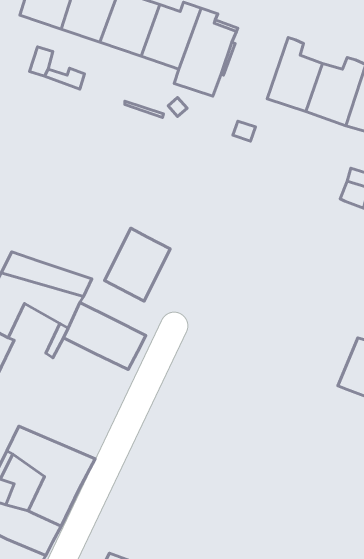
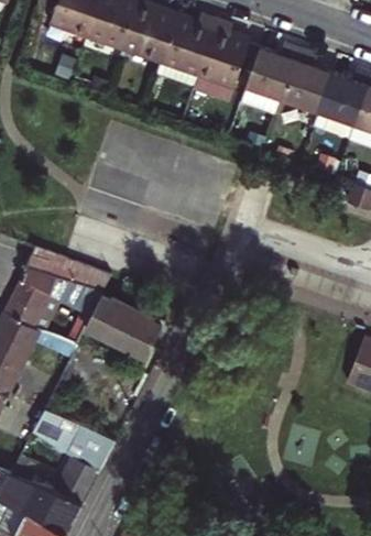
building: none -> [240,42,296,105]
building: [105,228,170,301] -> none

